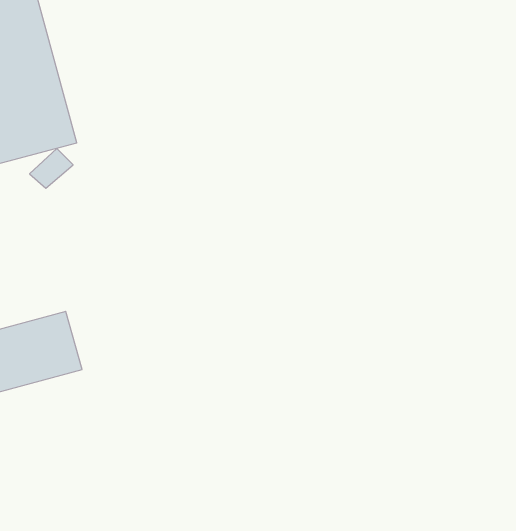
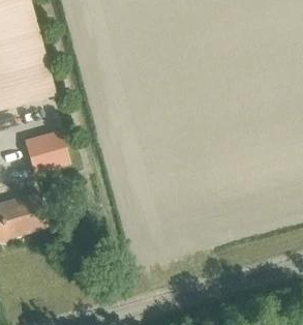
building: none -> [29,135,62,168]

